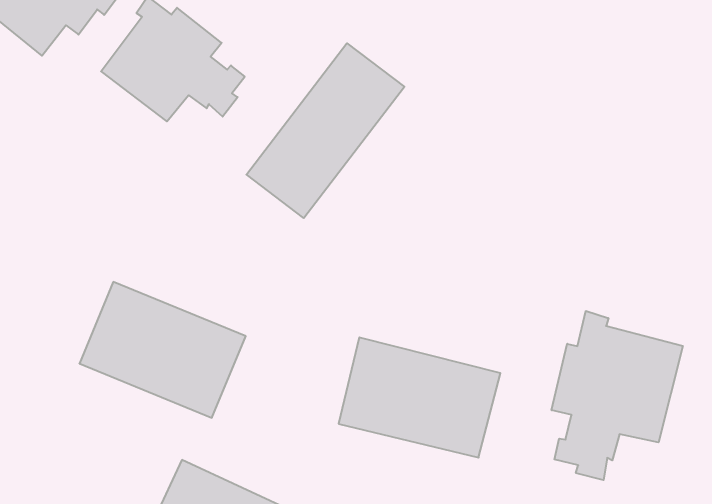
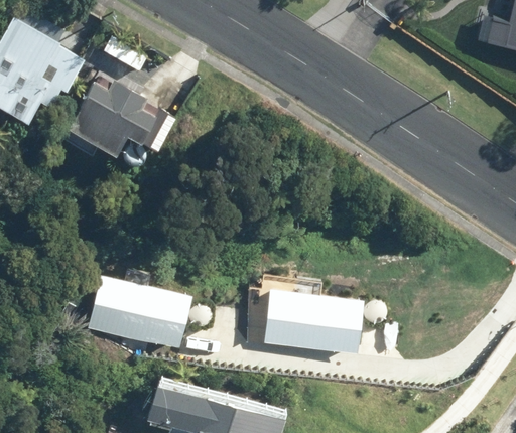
building: [246,43,404,218] -> none
building: [552,311,683,480] -> none

